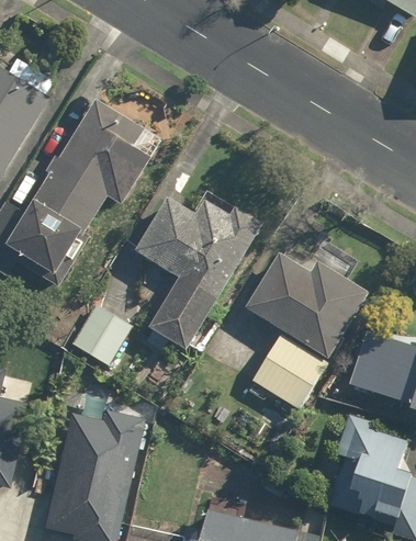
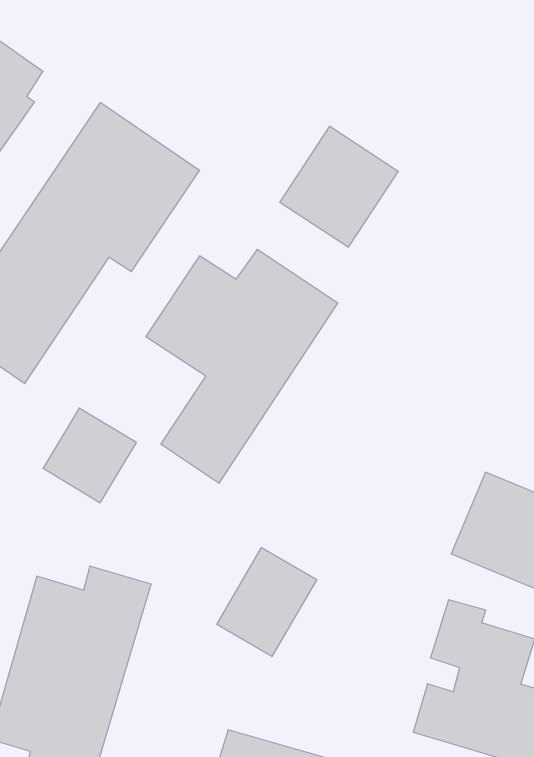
building: none -> [280,126,398,247]
building: [244,244,366,408] -> none
building: none -> [217,547,317,657]

